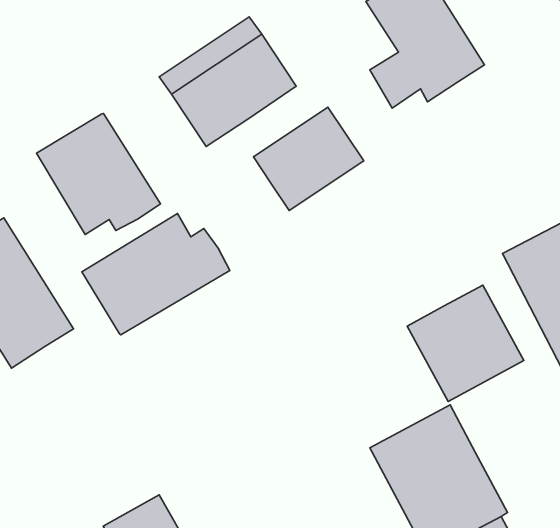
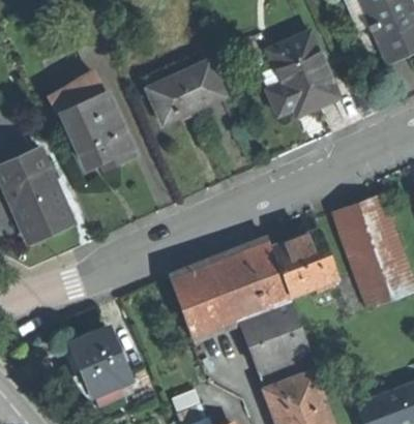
building: none -> [50,75,105,115]
building: [253,107,364,210] -> none
building: [82,213,230,335] -> none
building: none -> [172,238,291,336]

